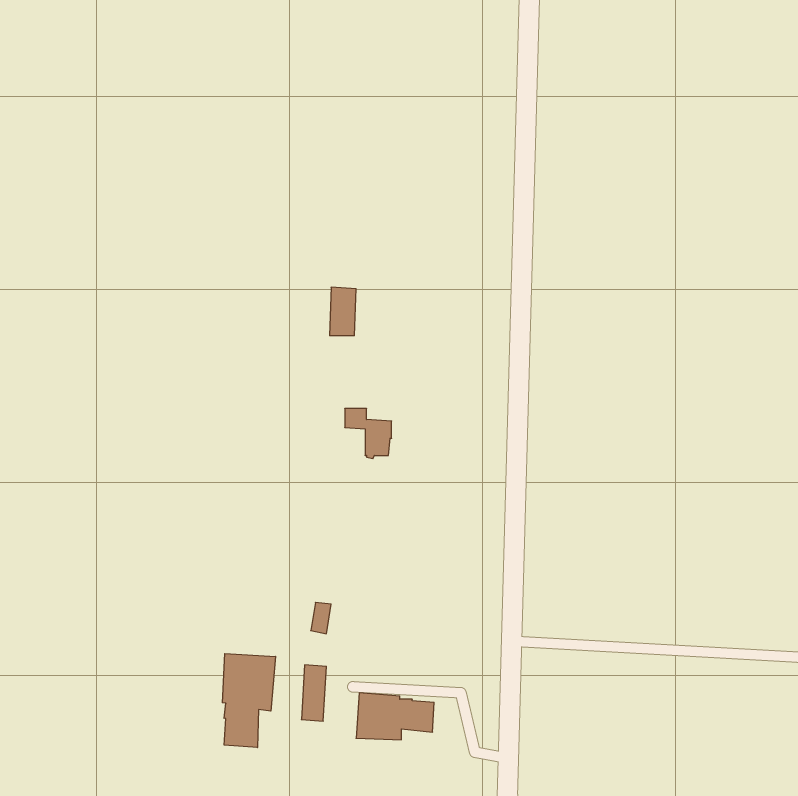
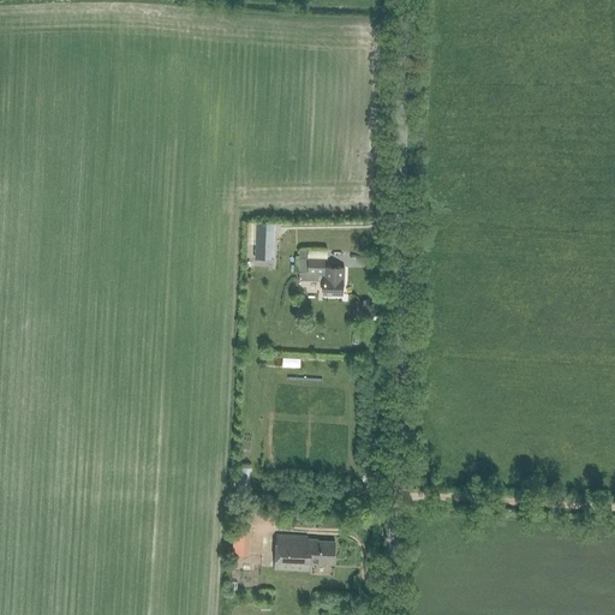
building: [345,409,392,459] -> [308,257,344,295]
building: [222,654,276,748] -> none

